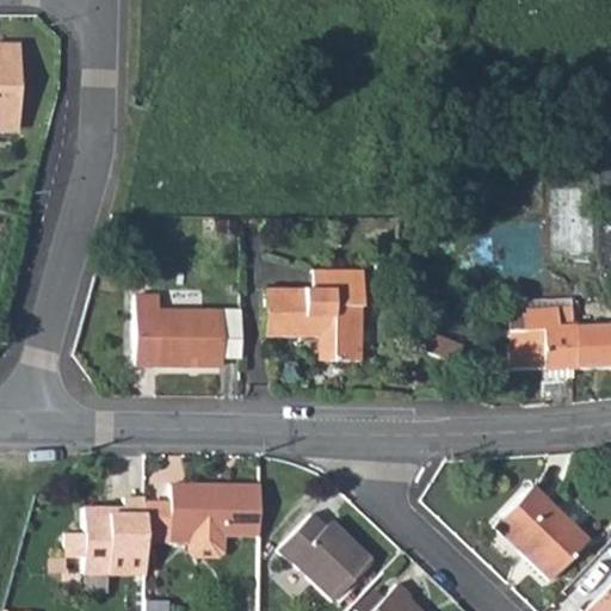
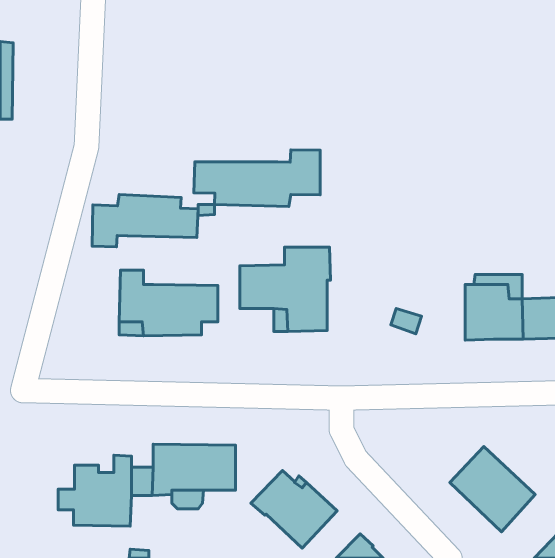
building: none -> [194,150,320,207]
building: none -> [92,194,198,247]

